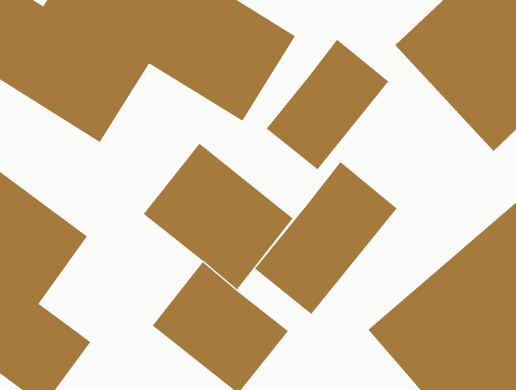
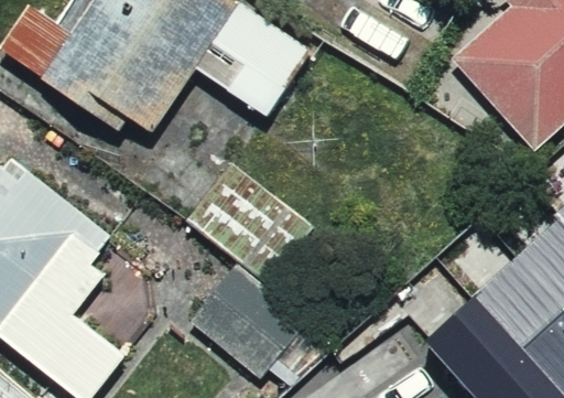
building: [266,39,389,170] -> none
building: [254,161,398,315] -> none

